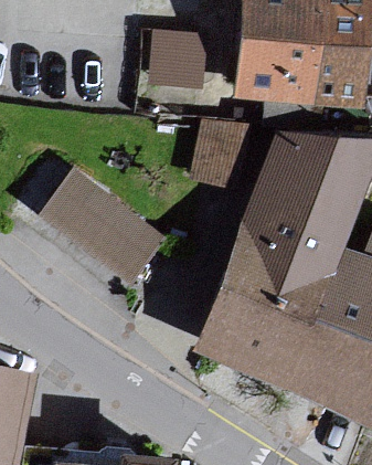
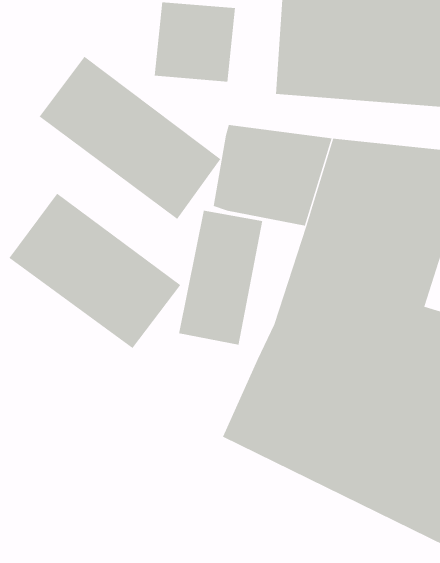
building: none -> [39,56,221,220]
building: none -> [179,210,263,345]

